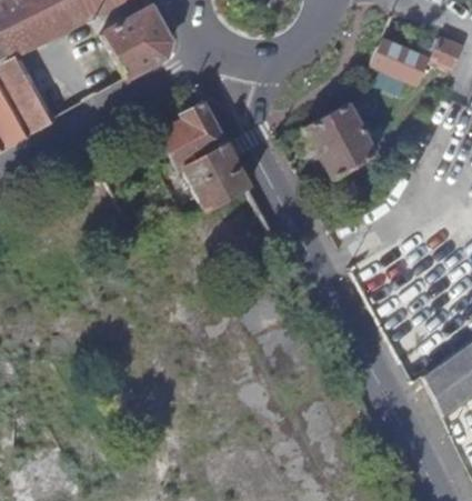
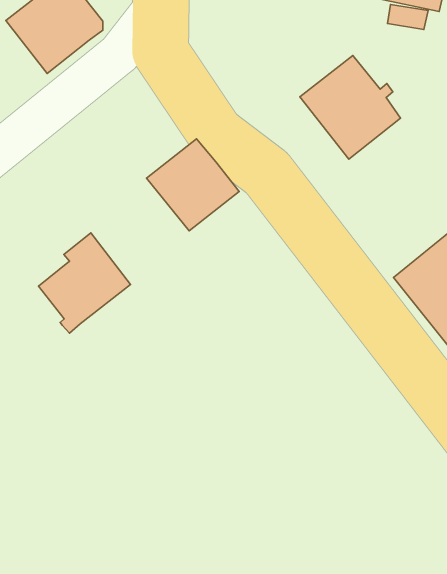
building: [160,102,227,172] -> [39,233,130,333]

